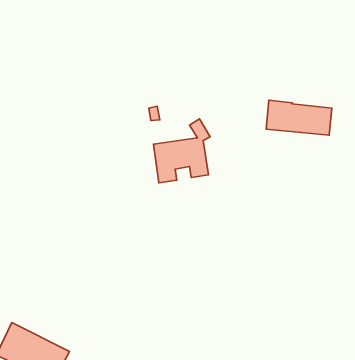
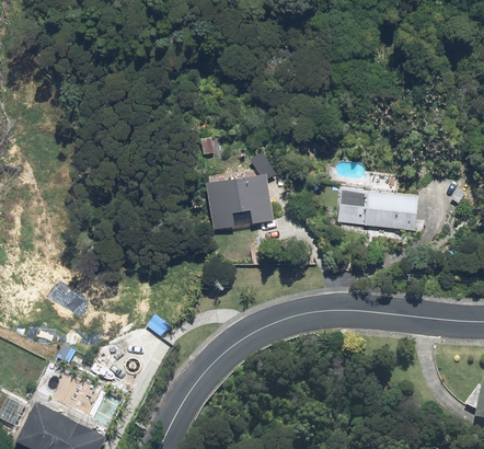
building: [266,100,332,135] -> [338,187,418,230]

